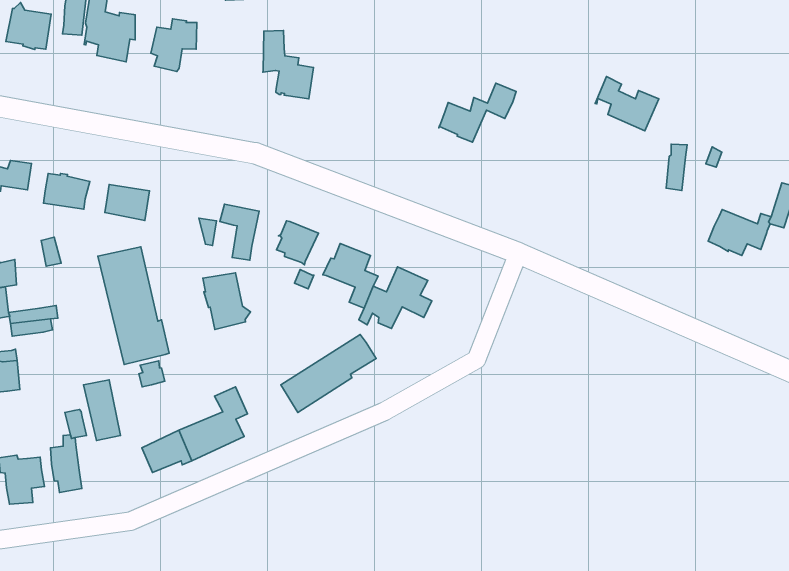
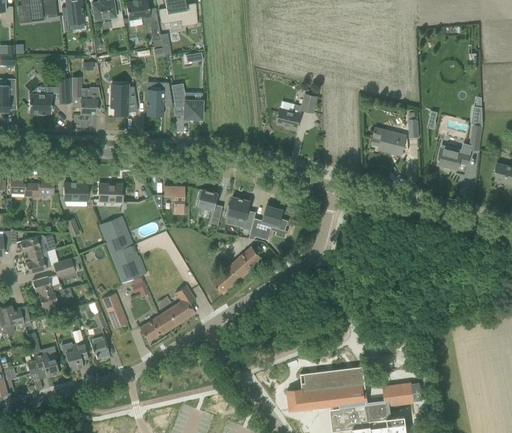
building: none -> [145,82,172,116]
building: [595,77,659,131] -> [371,128,406,155]
building: [203,273,250,329] -> none

